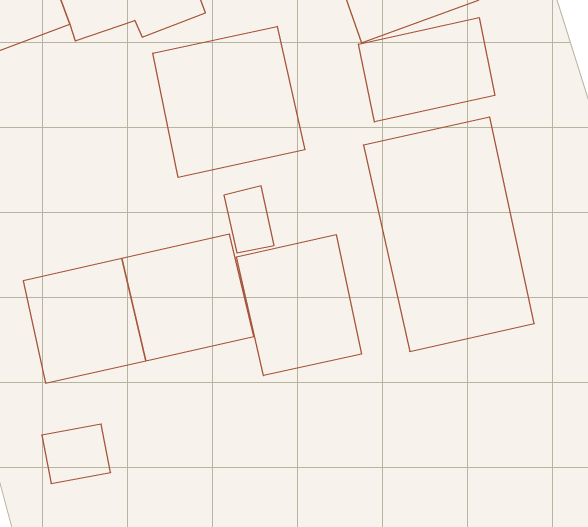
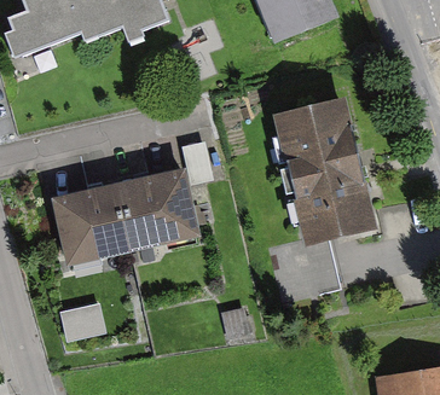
building: [359,18,495,122] -> none
building: [153,26,305,177] -> none
building: [237,235,361,376] -> none

